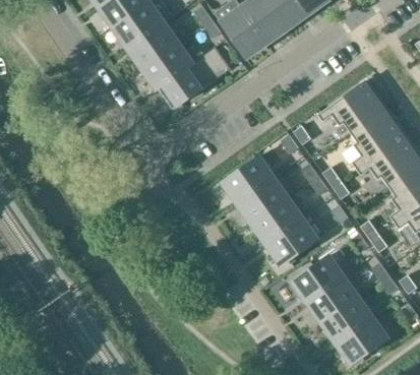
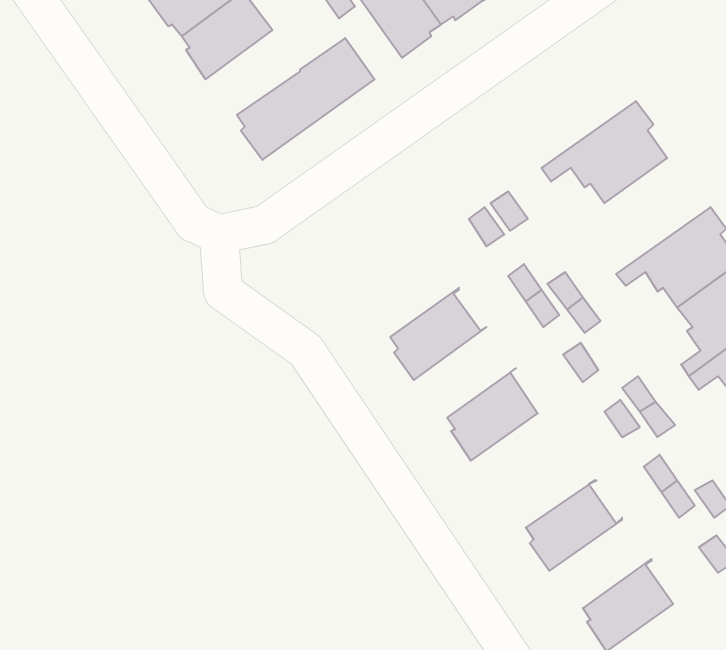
building: [144,43,193,86] -> none
building: [351,109,406,169] -> none
building: [223,158,276,201] -> none
building: [252,196,305,243] -> none
building: [293,256,346,300] -> none
building: [322,296,375,341] -> none

